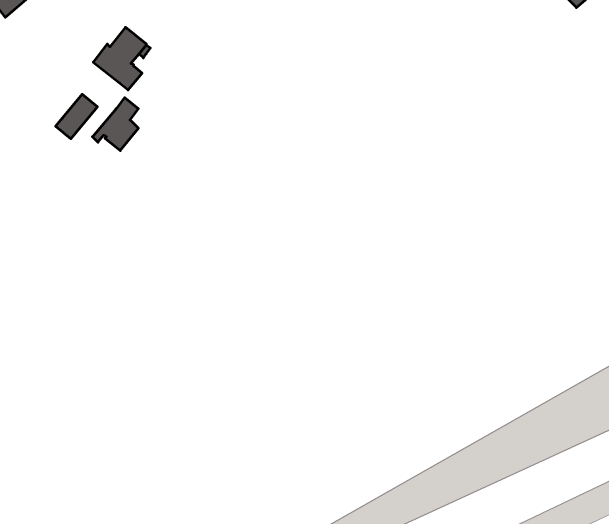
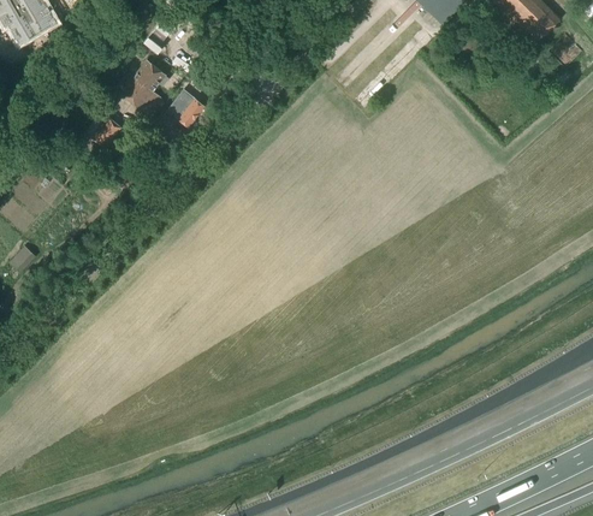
building: [92,98,138,151] -> [161,82,201,127]

